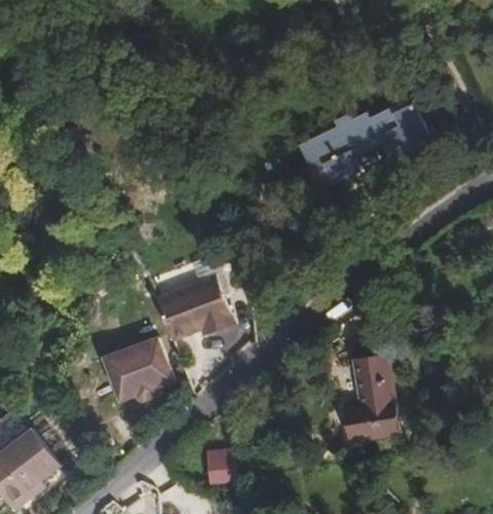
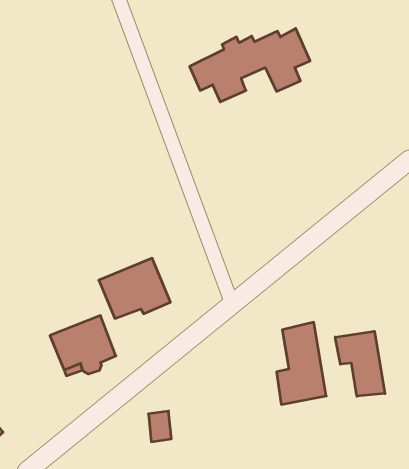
building: [300,99,429,178] -> [190,28,310,102]
building: none -> [335,331,385,396]

